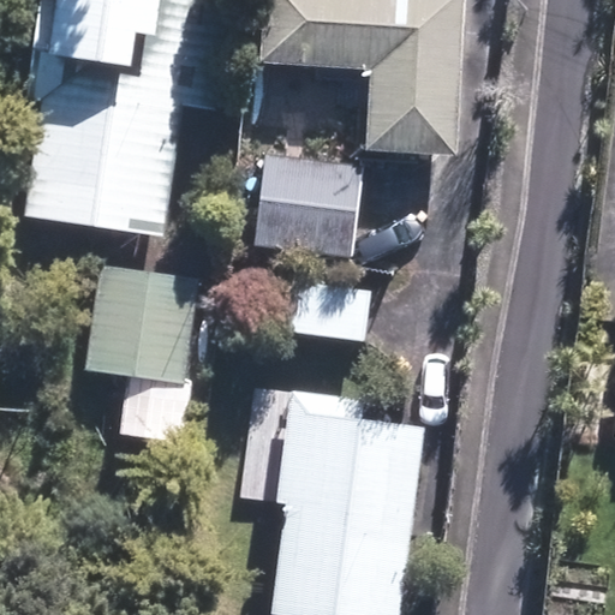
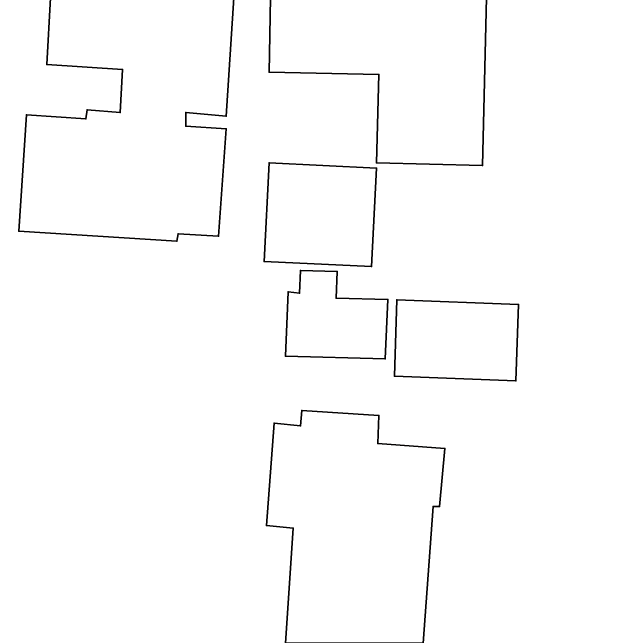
building: [83,265,207,444] -> none
building: none -> [394,300,518,381]

